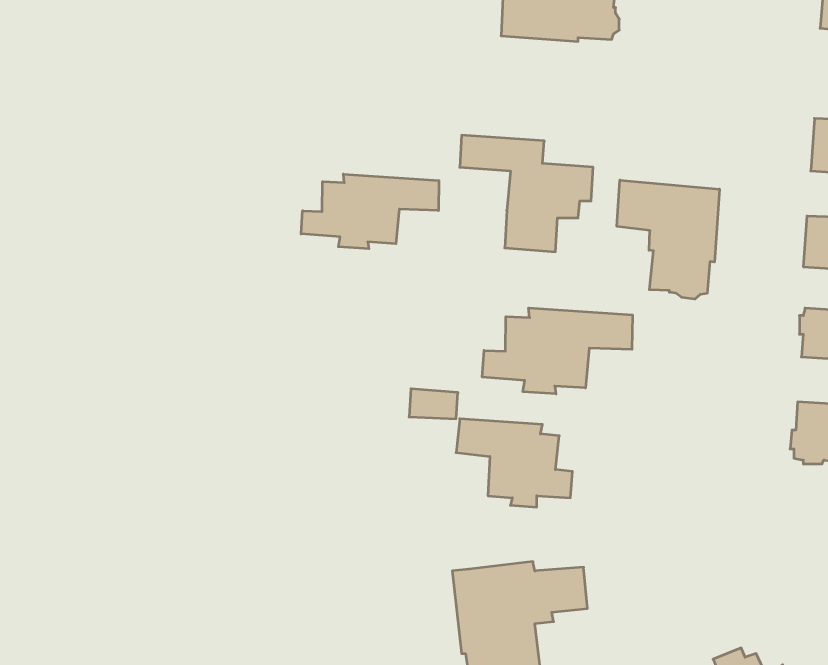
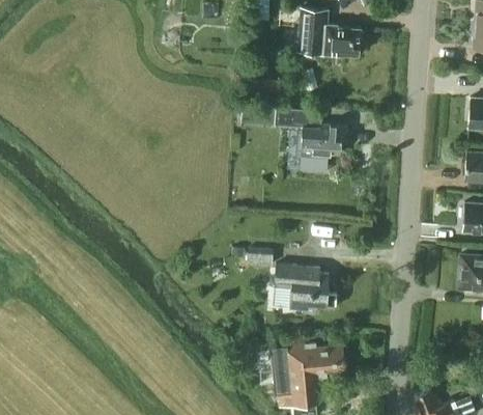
building: [301,174,439,249] -> none
building: [617,180,719,299] -> none
building: [482,308,632,394] -> none

